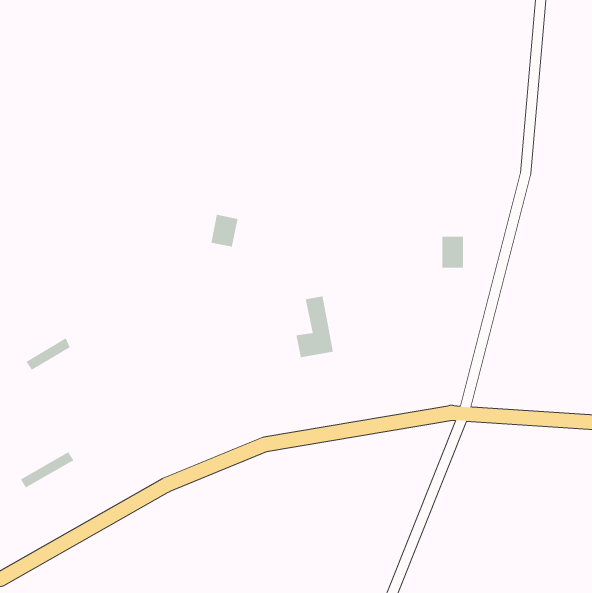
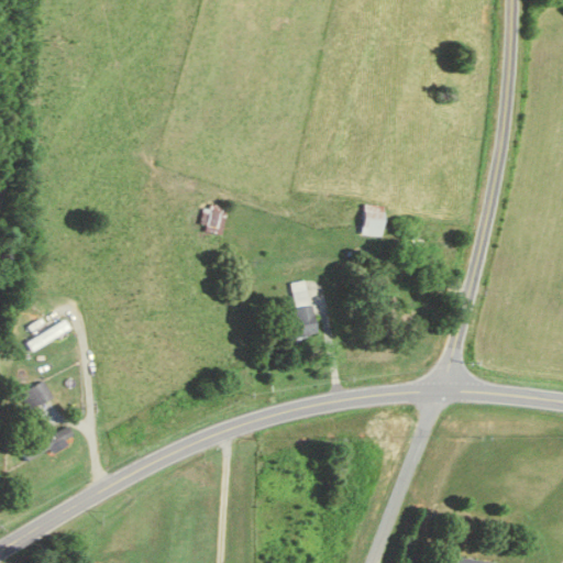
building: [442,236,464,268] -> [364,205,385,235]
building: none -> [19,380,53,411]

